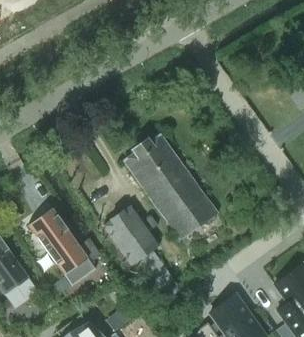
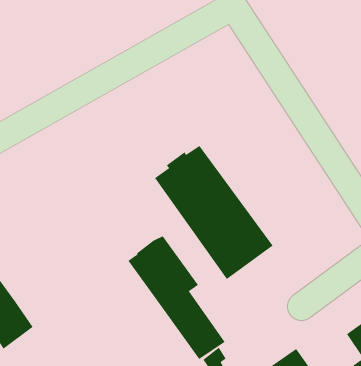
building: [29,208,103,286] -> none

